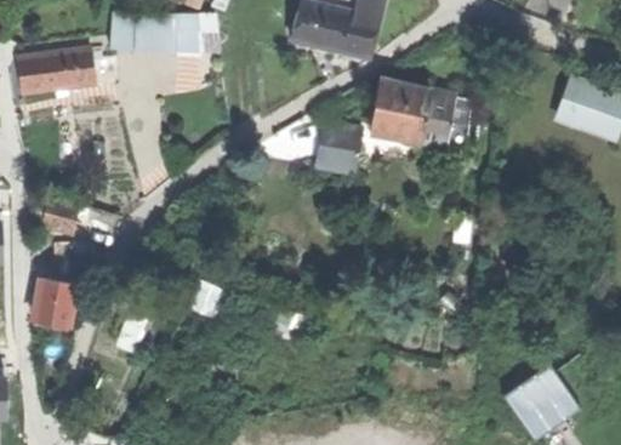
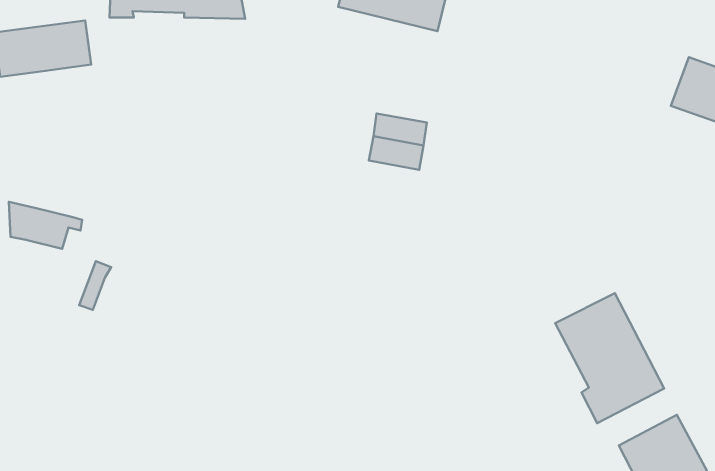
building: [369,78,467,162] -> none
building: none -> [555,293,664,423]
building: [32,278,74,326] -> none

